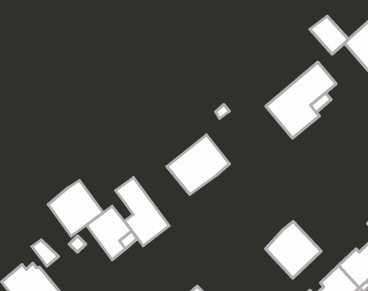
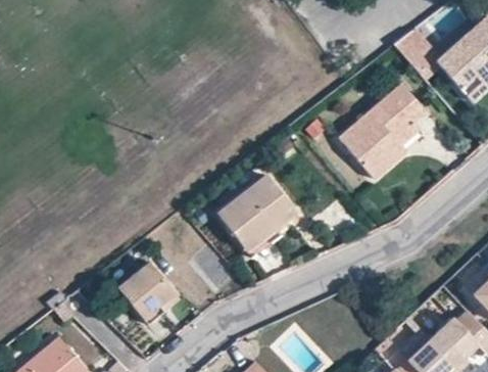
building: [116,178,169,246] -> none
building: [48,180,103,236] -> none
building: [266,222,321,278] -> none

